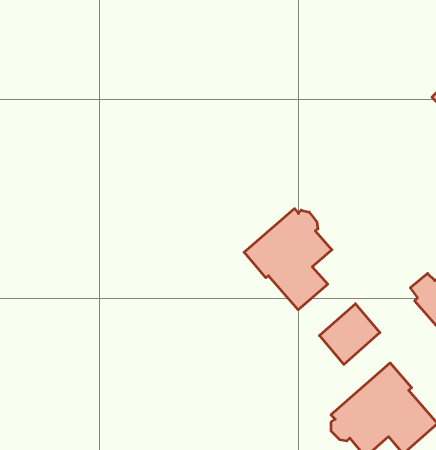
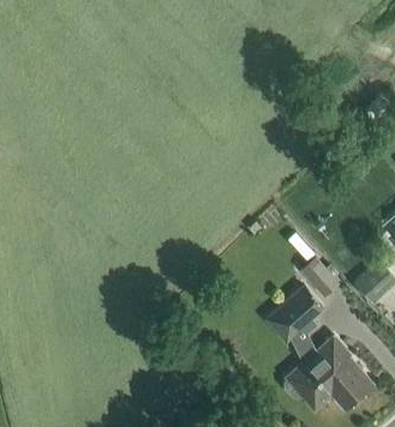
building: [244,209,332,310] -> none
building: none -> [299,257,339,296]

